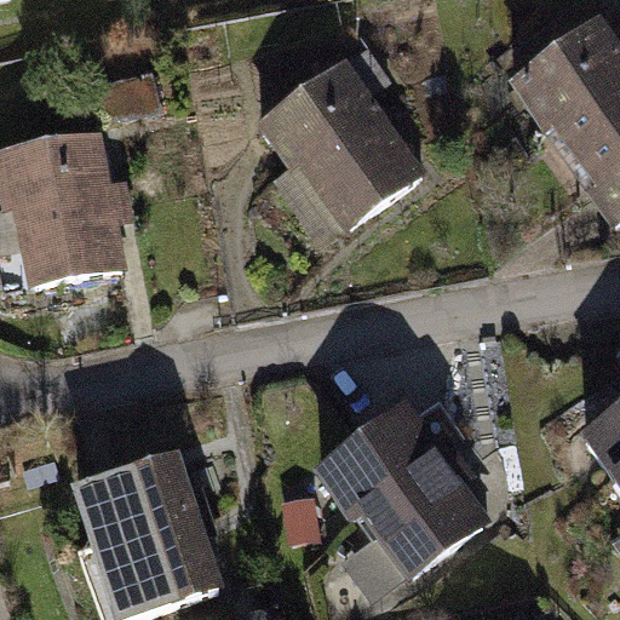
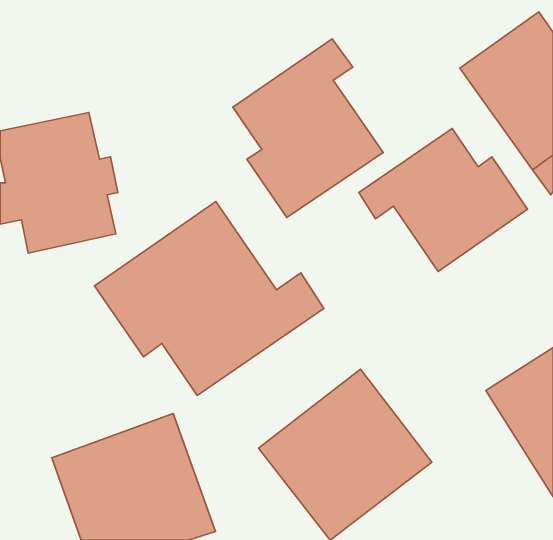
building: none -> [359,129,528,271]
building: none -> [95,201,324,395]

